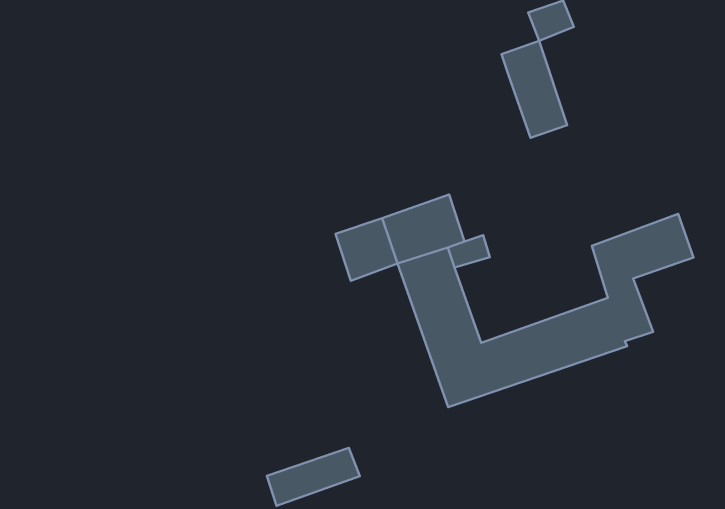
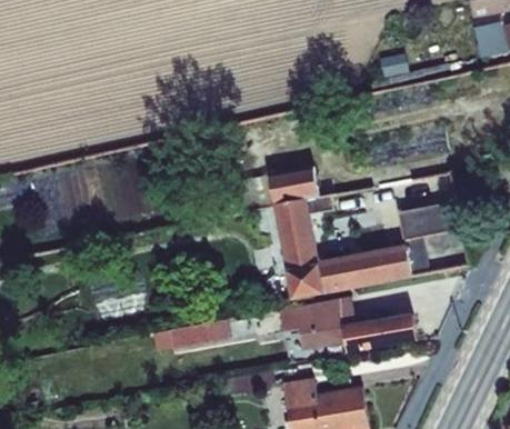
building: [501,41,567,138] -> none
building: none -> [272,297,417,352]

